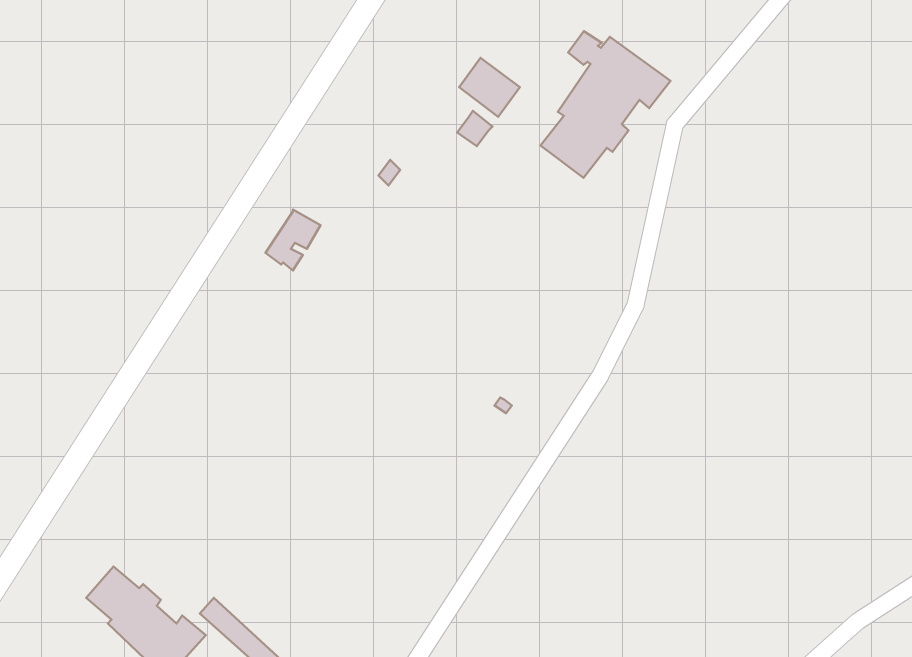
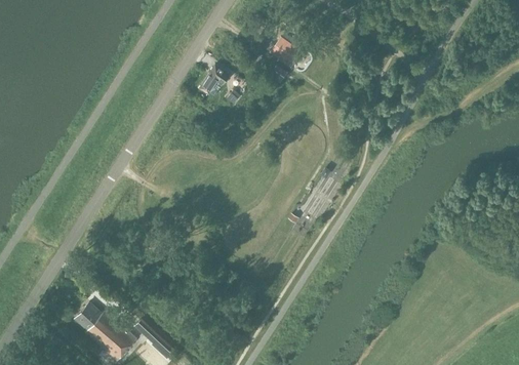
building: [541,31,671,178] -> none
building: [265,210,320,270] -> [200,65,229,96]

